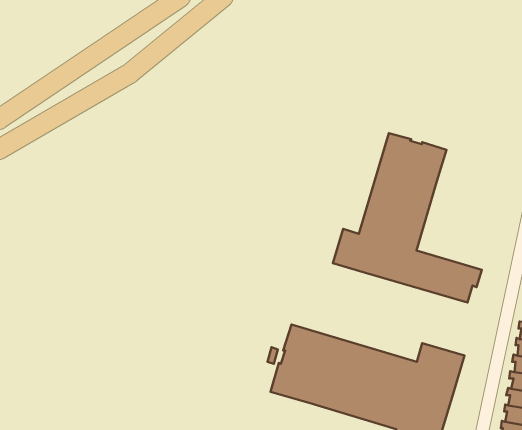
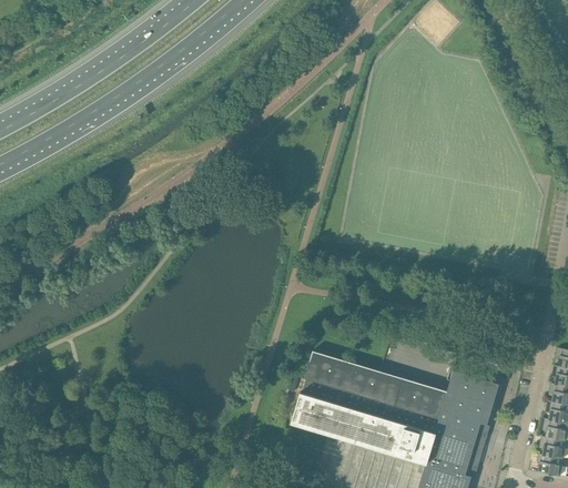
building: [333,133,482,302] -> none

